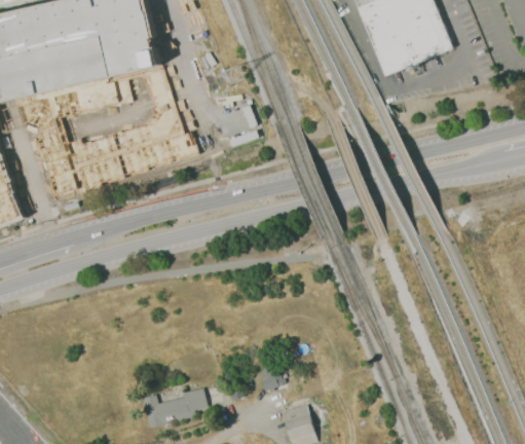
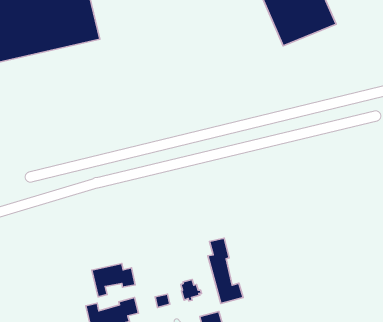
building: none -> [208,238,243,304]
building: none -> [92,263,135,297]

